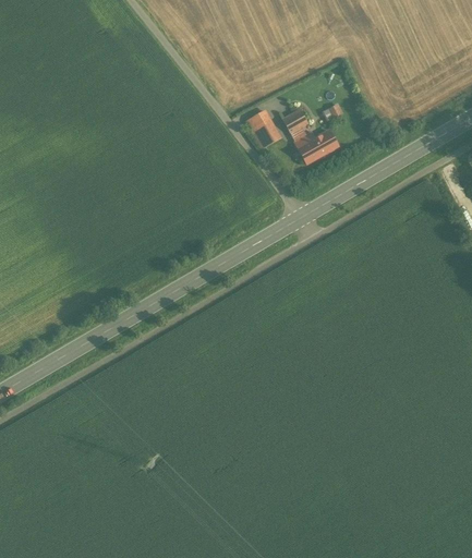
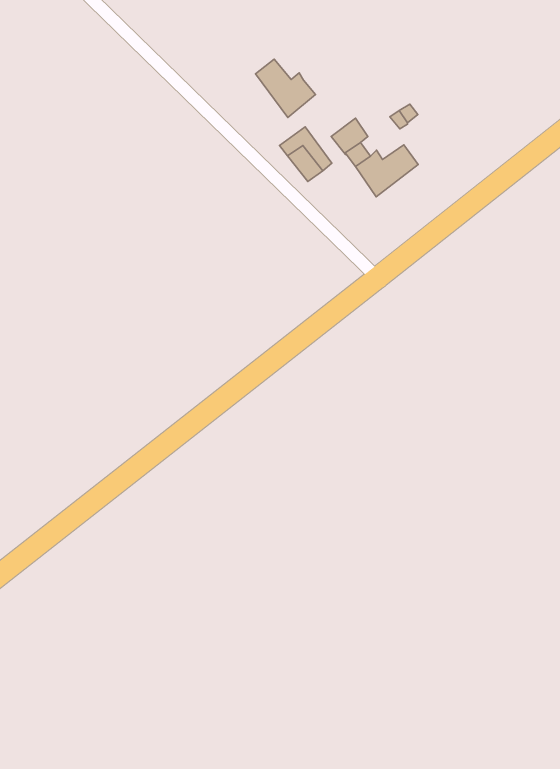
building: none -> [256,59,315,118]

